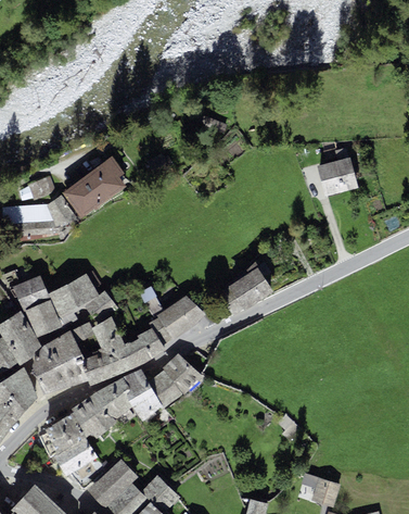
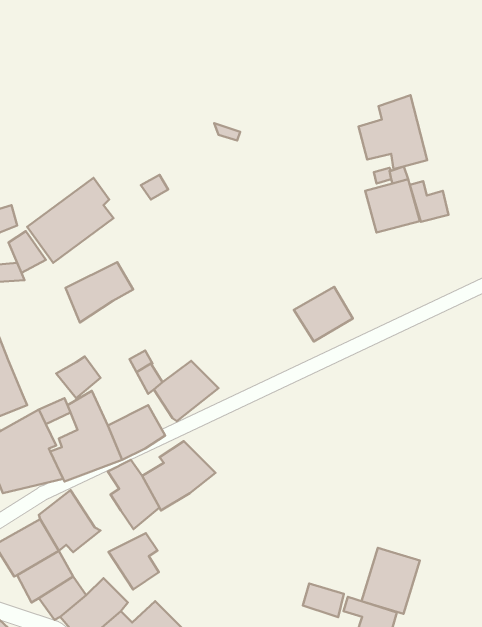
building: none -> [358,95,427,169]
building: none -> [410,181,448,222]
building: [228,268,272,310] -> [294,287,353,341]
building: [47,274,98,319] -> [66,262,133,322]
building: [93,377,131,419] -> [109,533,159,589]
building: none -> [362,548,420,614]
building: none -> [303,583,344,617]

